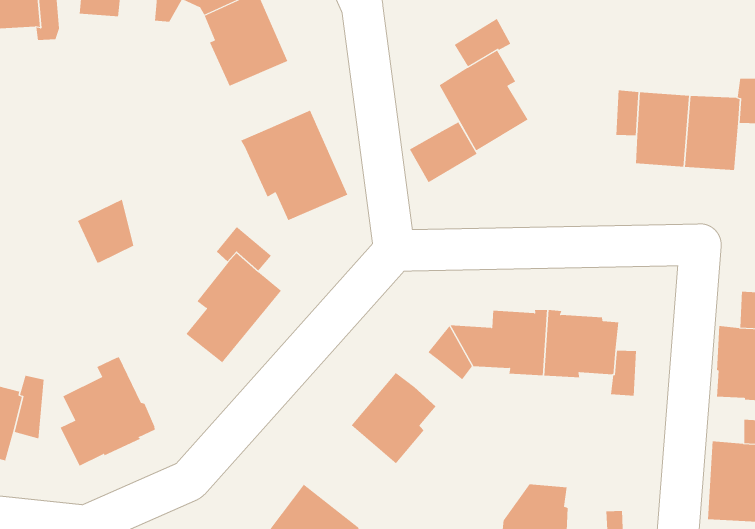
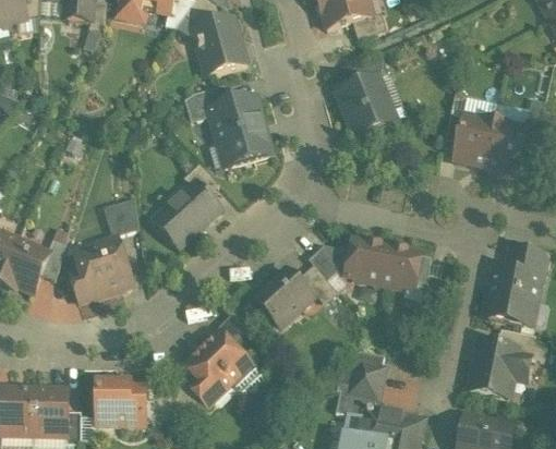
building: none -> [190,86,228,120]
building: [409,122,477,183] -> none
building: [77,199,134,263] -> [102,198,136,236]
building: none -> [297,266,335,302]

